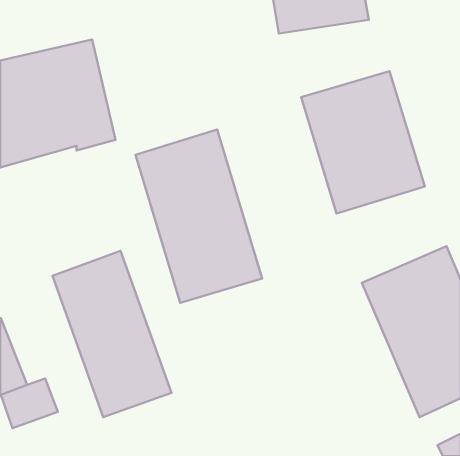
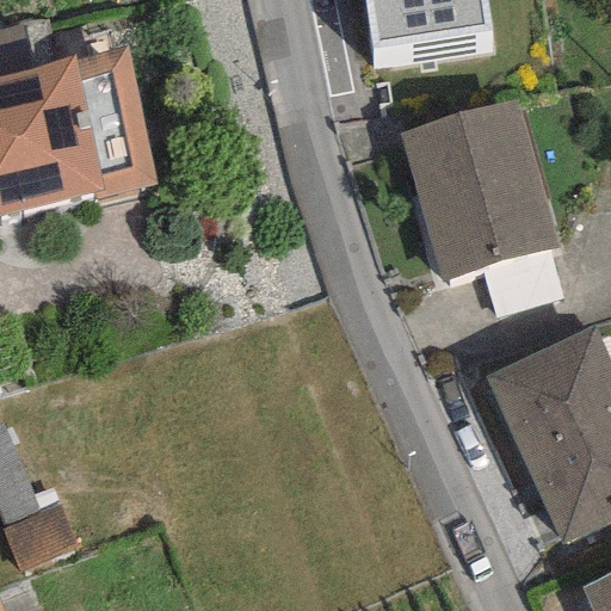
building: [136,130,262,303] -> none
building: [53,251,172,417] -> none

